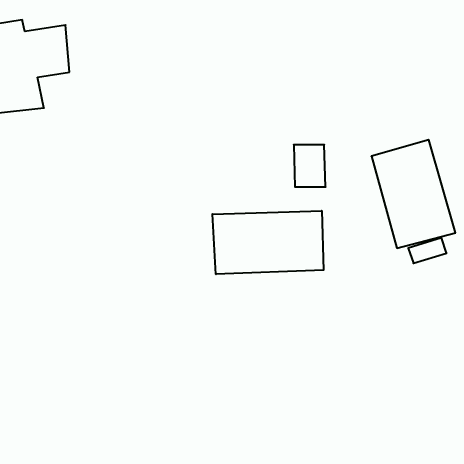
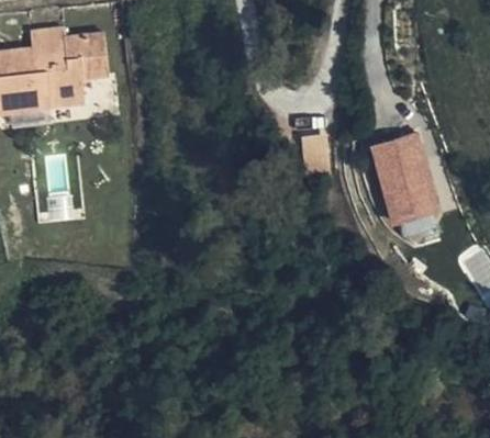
building: [212,211,324,274] -> none

